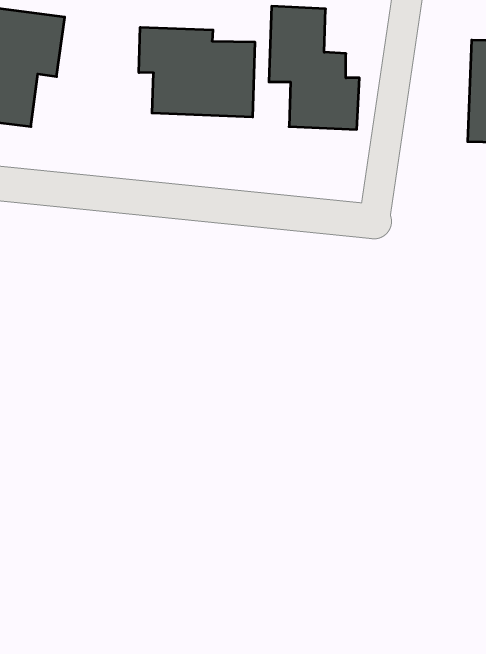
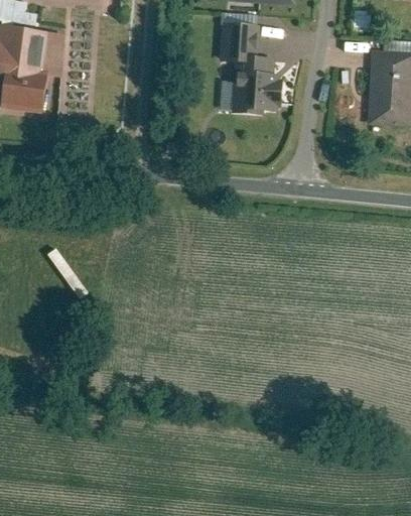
building: [139,27,255,117] -> none

